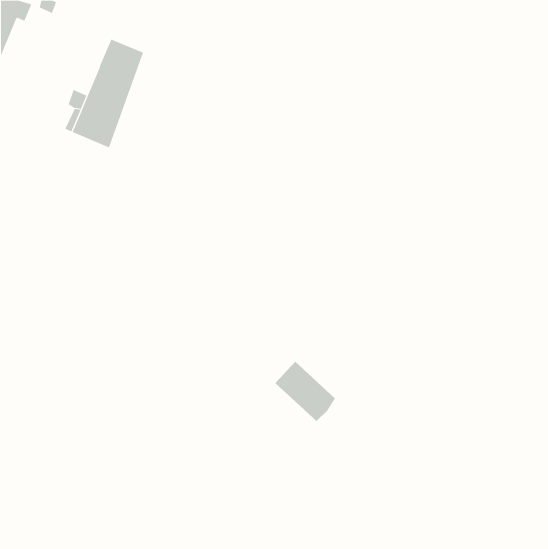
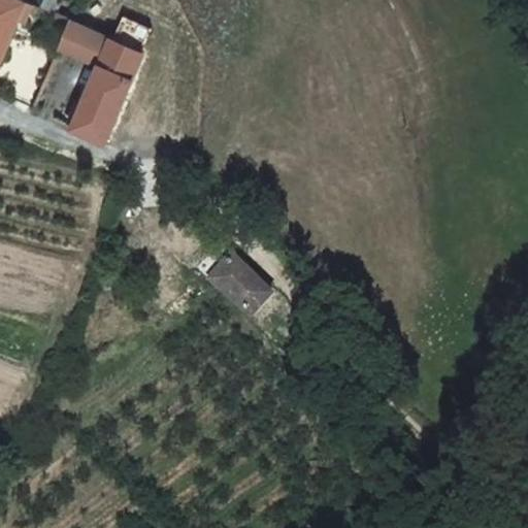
building: none -> [56,21,107,65]
building: [275,361,336,422] -> [213,261,272,320]

